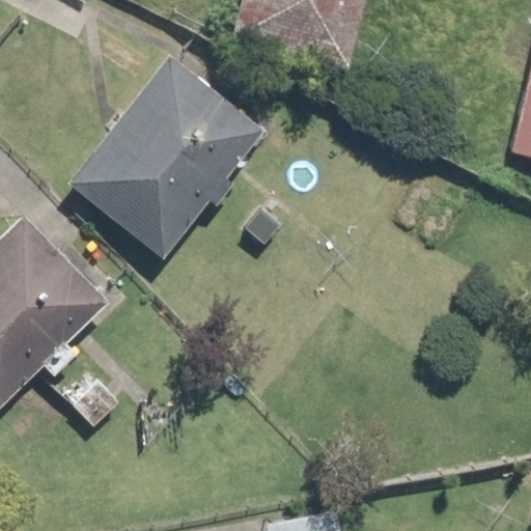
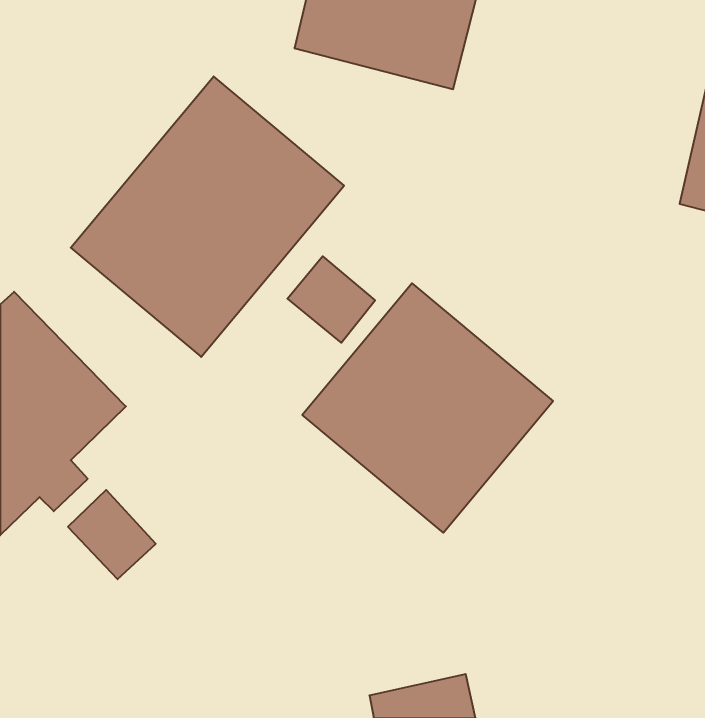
building: none -> [302,283,553,533]

